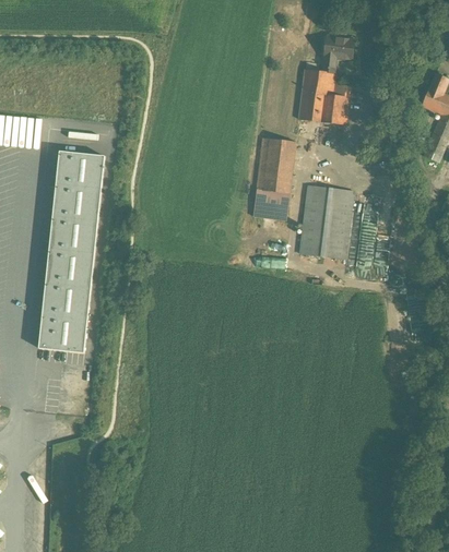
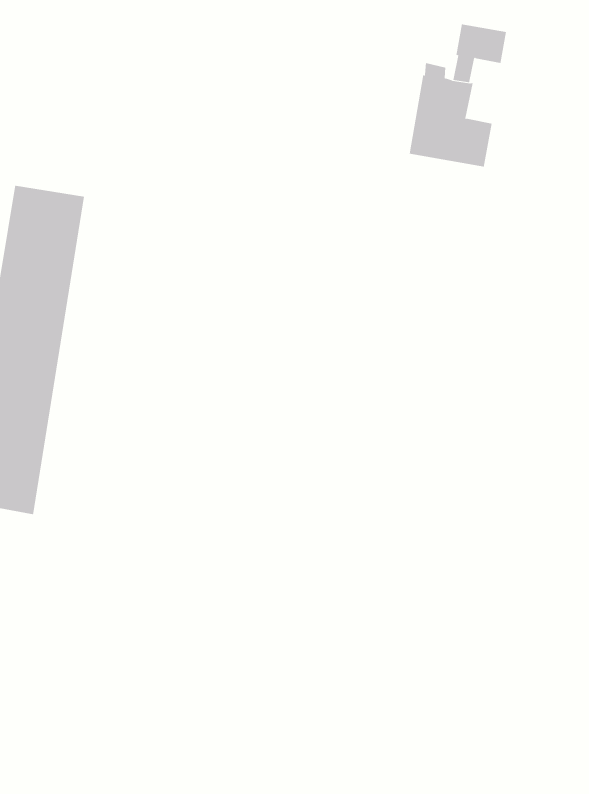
building: [258,136,296,207] -> none
building: [300,184,354,259] -> none

